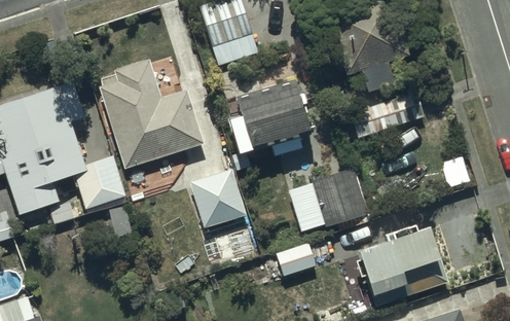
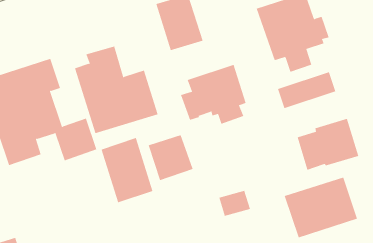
building: [290,169,367,234] -> [297,118,359,170]
building: none -> [101,137,153,203]

